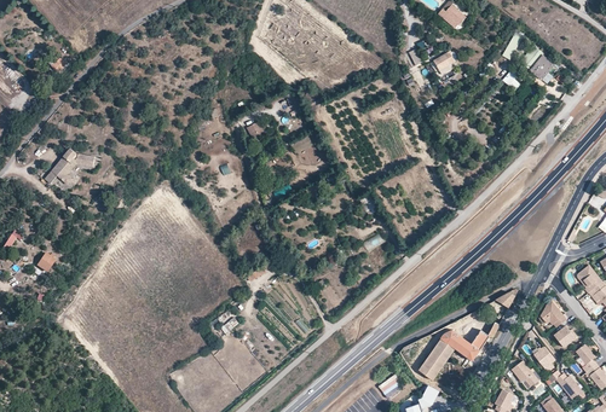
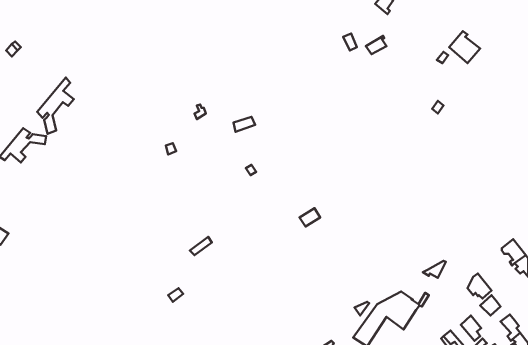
building: none -> [37,78,74,134]

